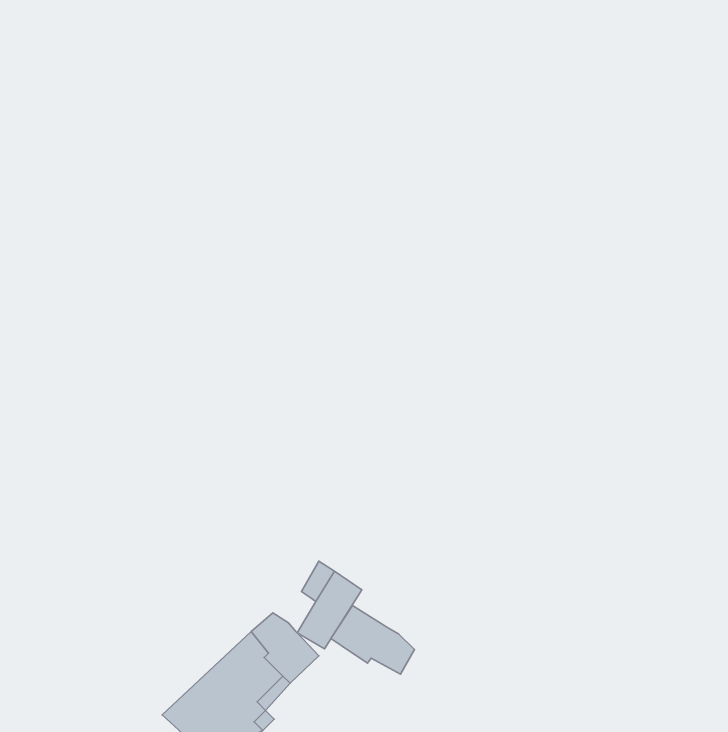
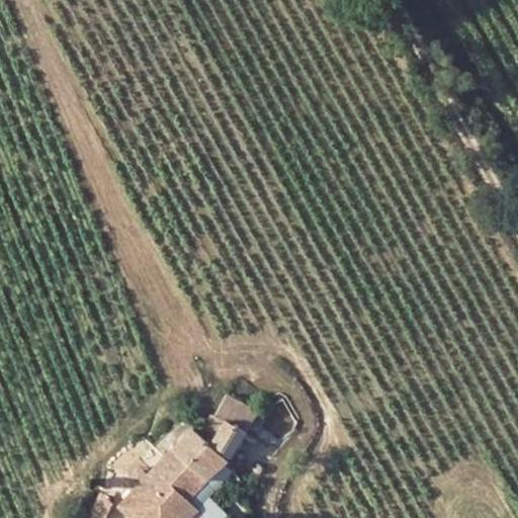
building: [331,606,415,674] -> none

